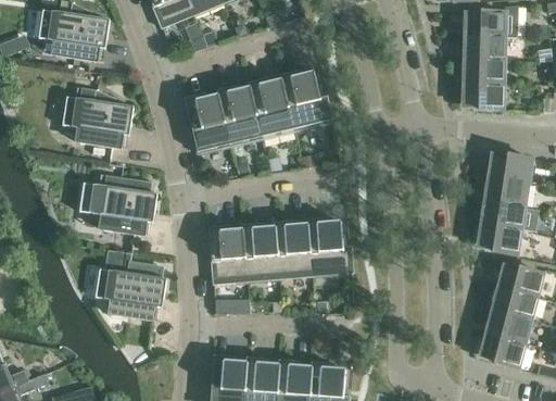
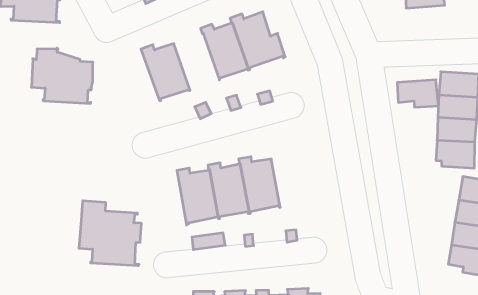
building: [462,83,503,111] -> [397,80,438,107]
building: [216,87,262,146] -> none
building: [90,174,156,237] -> none
building: [306,218,352,276] -> none

